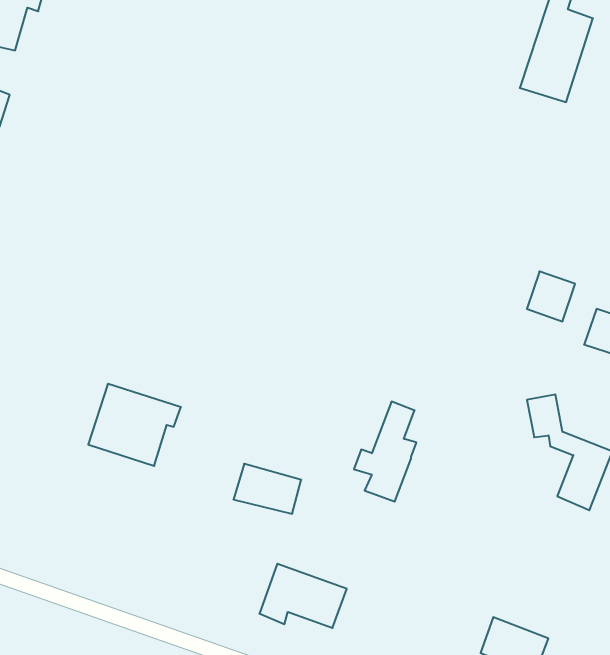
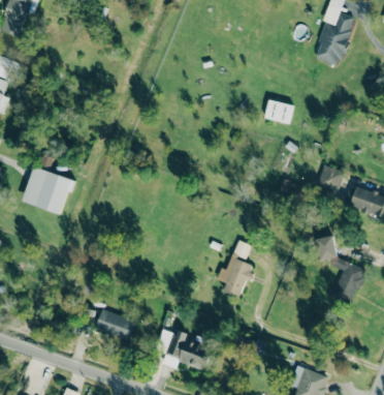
building: none -> [263,99,292,124]
building: [88,384,181,466] -> [22,166,75,214]
building: [233,464,301,514] -> [95,310,134,339]

